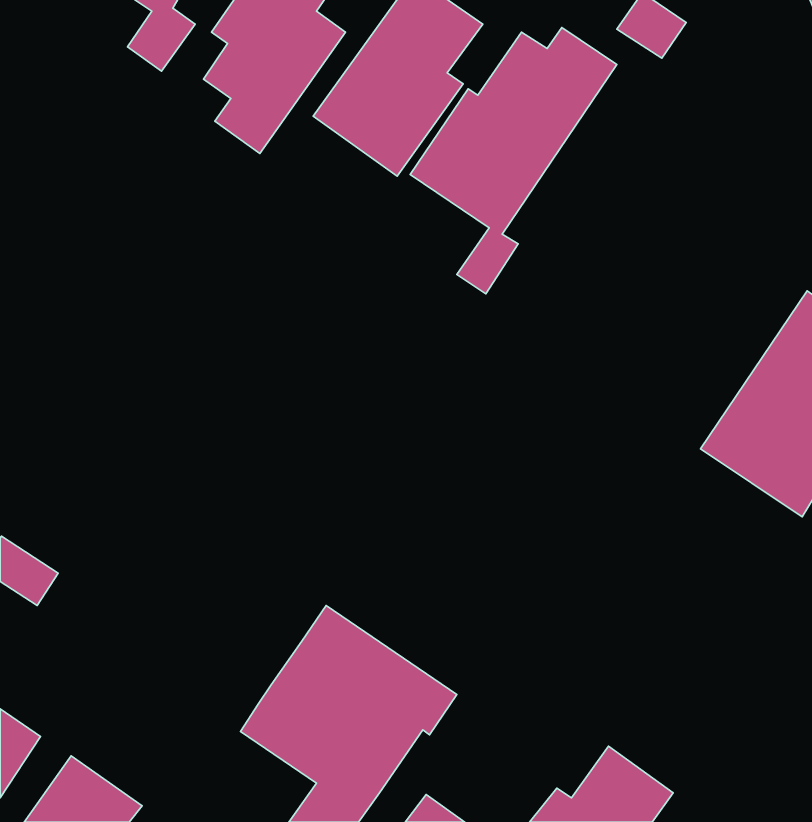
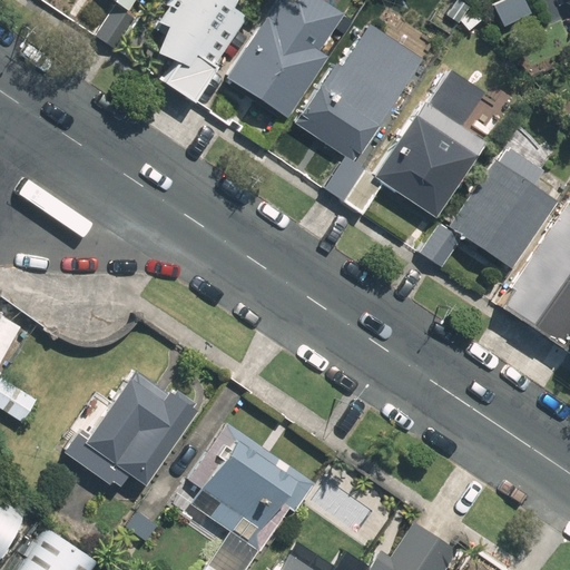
building: none -> [344,65,485,220]
building: none -> [421,163,552,273]
building: none -> [78,364,209,527]

